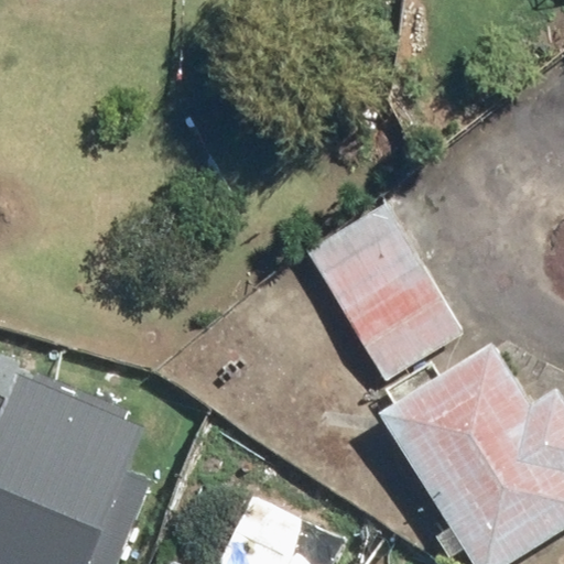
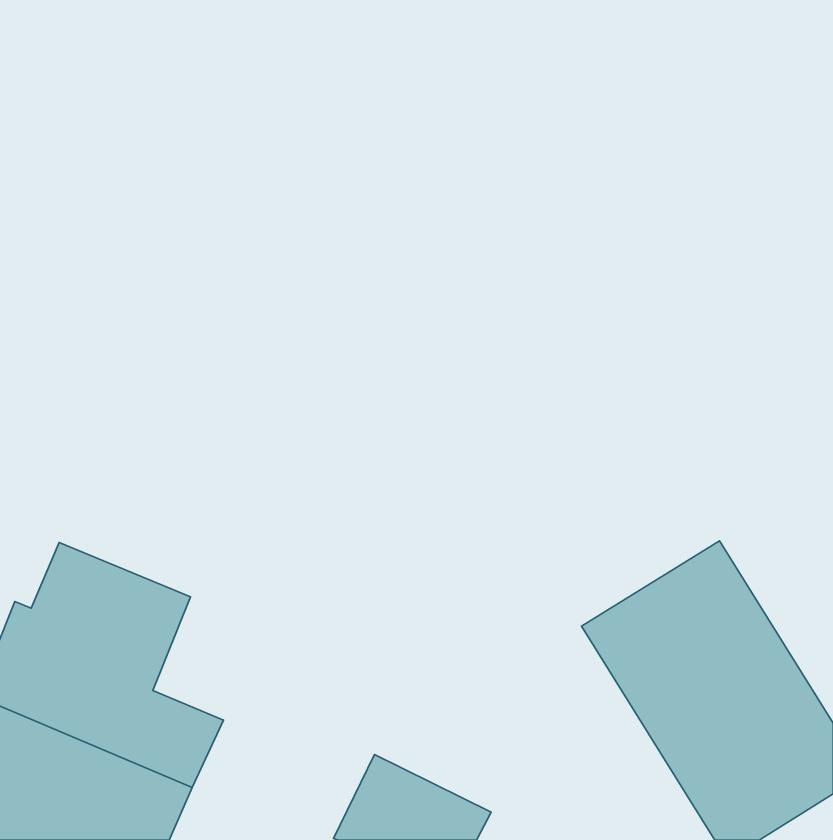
building: [312,212,445,368] -> none

